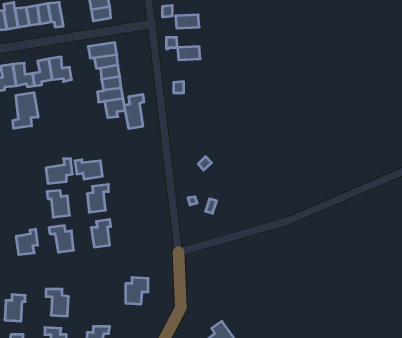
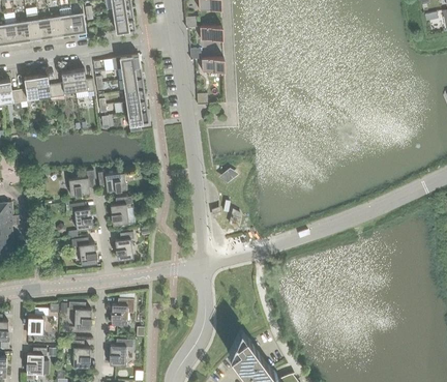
building: [13,93,38,128] -> none
building: [124,94,144,129] -> none
building: [16,229,38,255] -> none
building: [126,277,148,304] -> [111,298,133,325]

